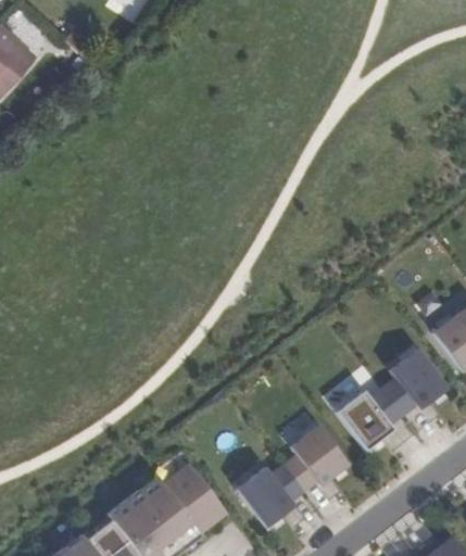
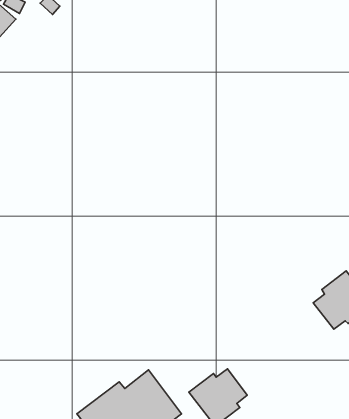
building: [337,384,404,450] -> none
building: [281,425,349,491] -> none

